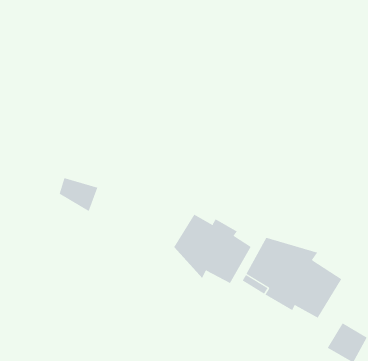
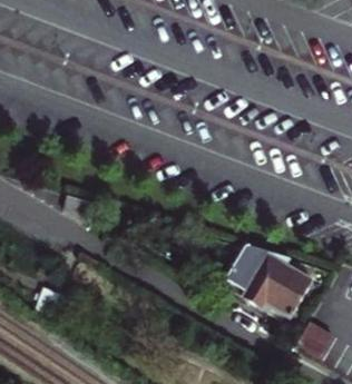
building: [173,214,252,284] -> none

